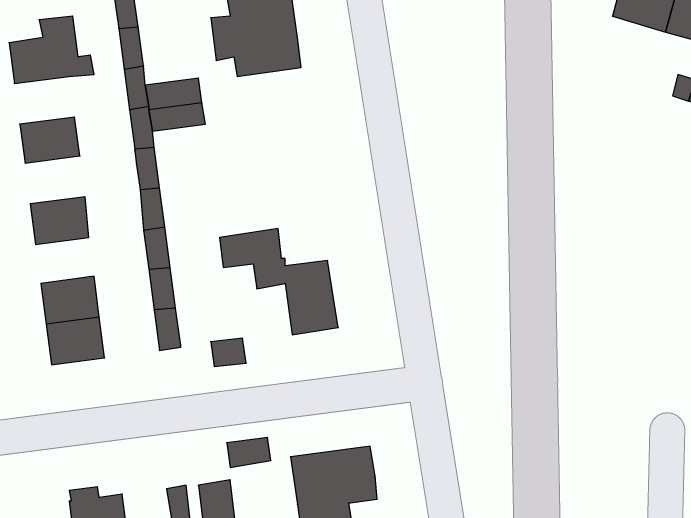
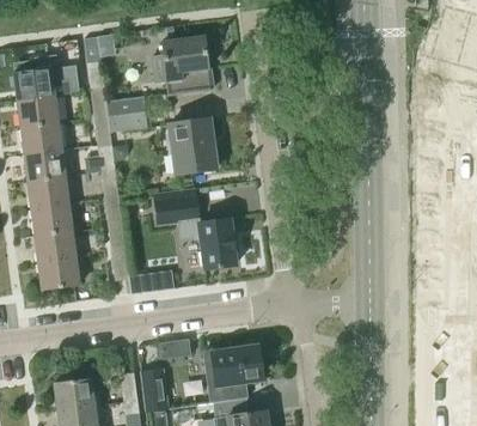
building: none -> [18,95,59,127]
building: none -> [169,118,218,174]
building: none -> [25,148,66,181]
building: none -> [32,203,72,235]

